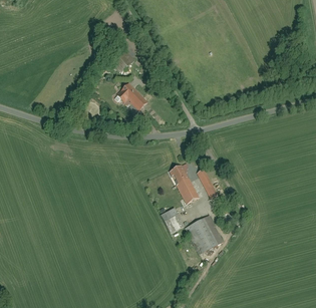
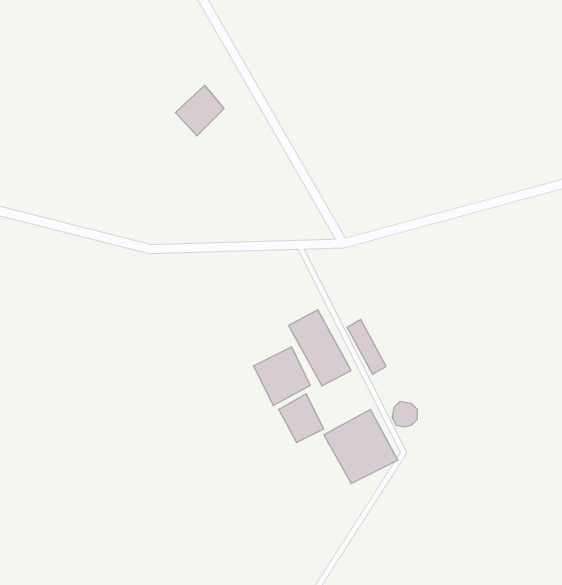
building: [117,80,149,110] -> none
building: none -> [253,347,310,406]

